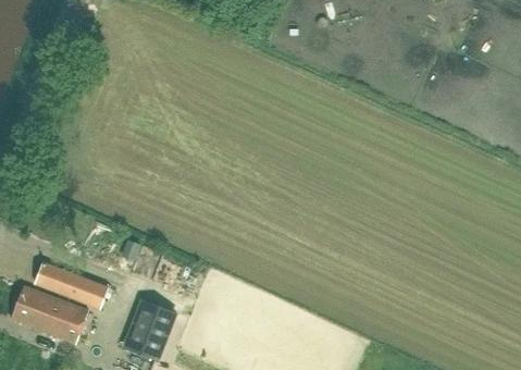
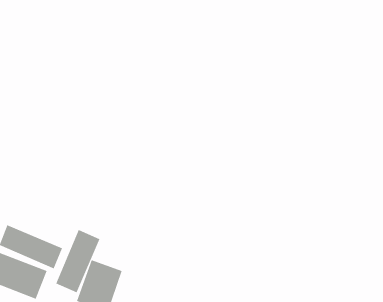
building: none -> [55,229,100,293]

